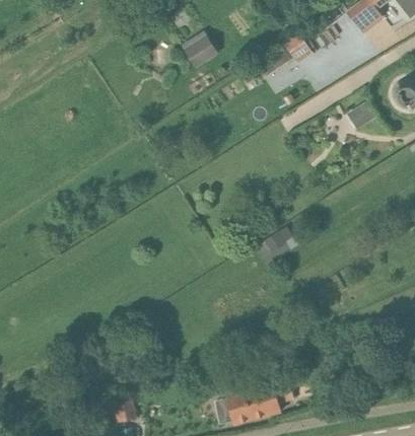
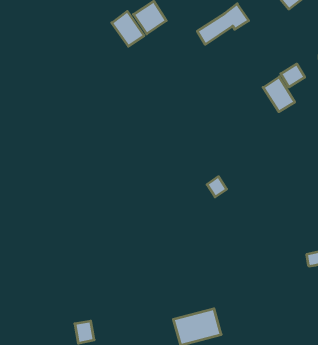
building: none -> [112,11,144,46]
building: none -> [263,77,295,112]

